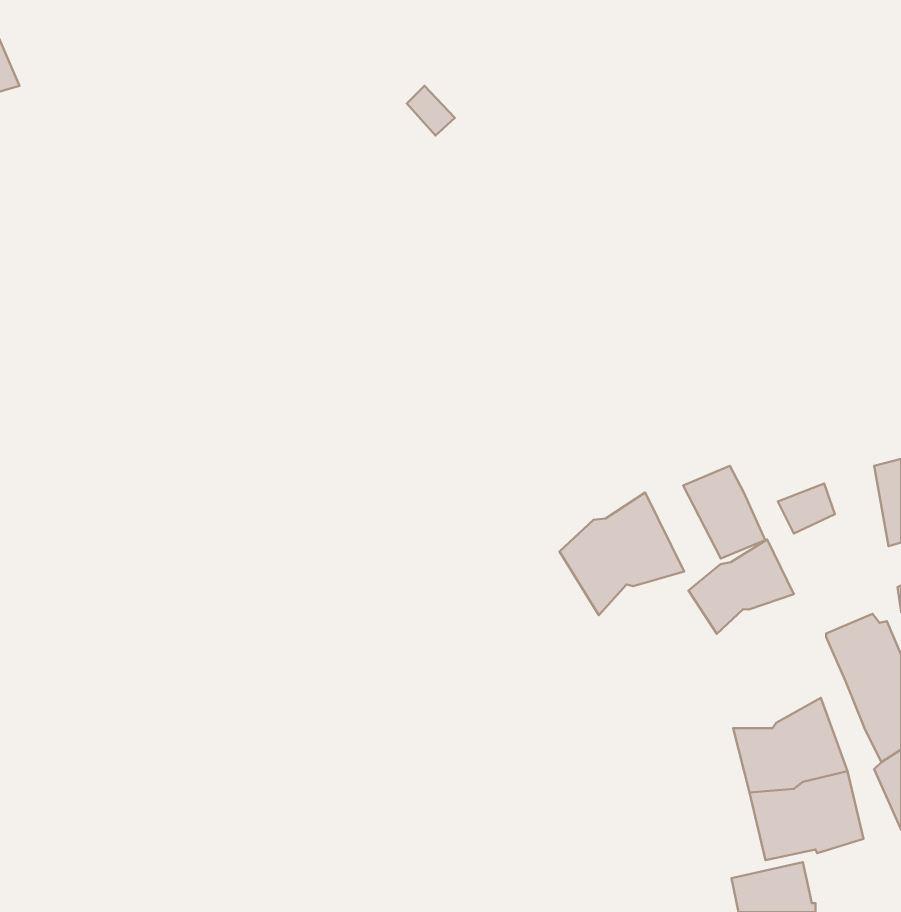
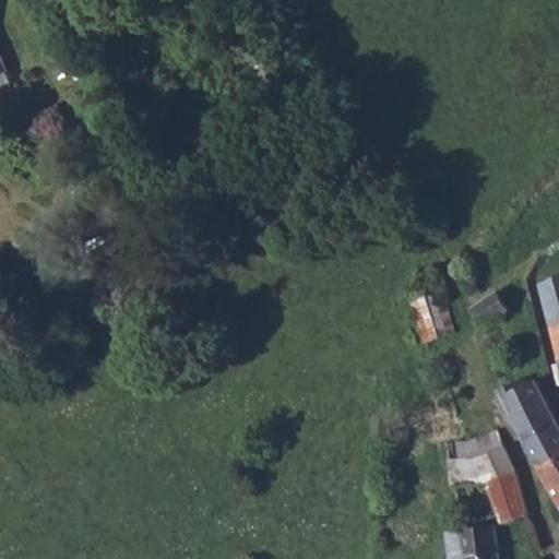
building: [559,493,684,615] -> none
building: [688,540,794,634] -> none

